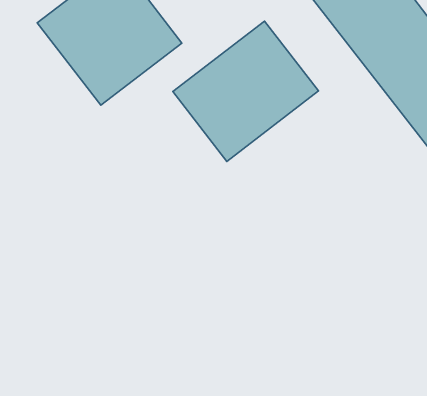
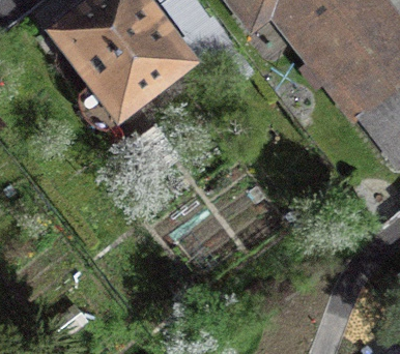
building: [173,21,319,161] -> none

